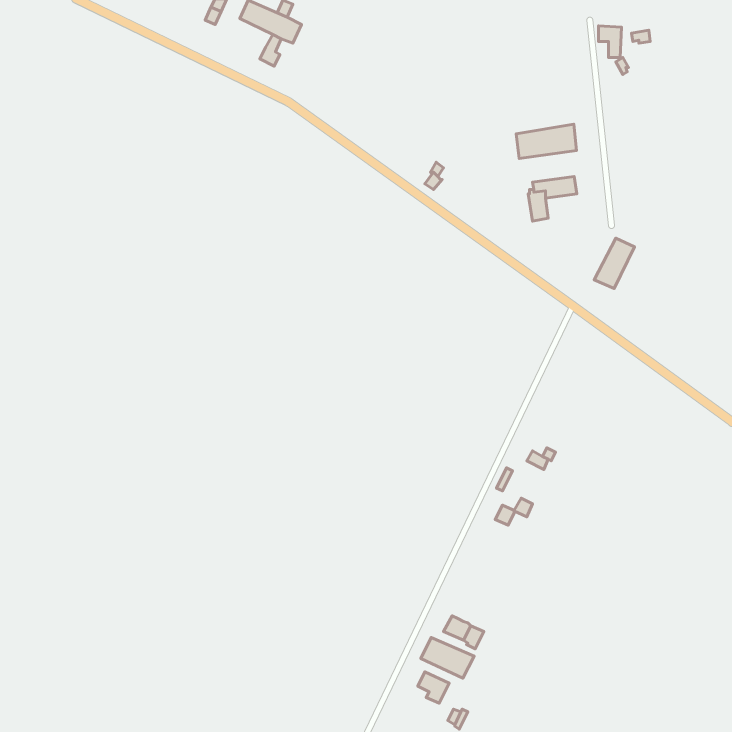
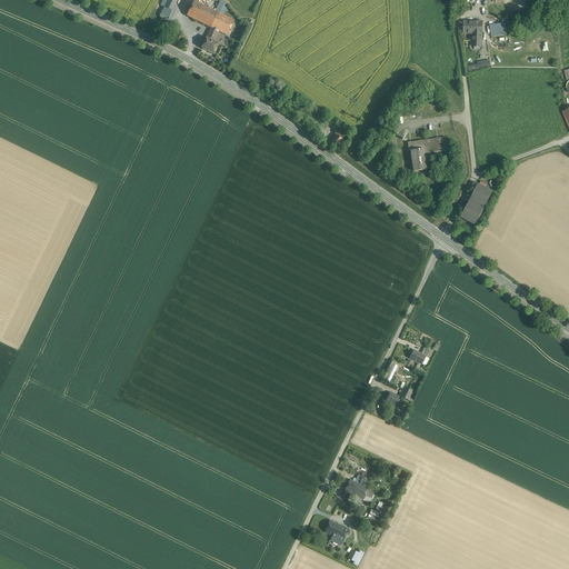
building: [516,124,576,159] -> none
building: [421,638,474,678] -> none

